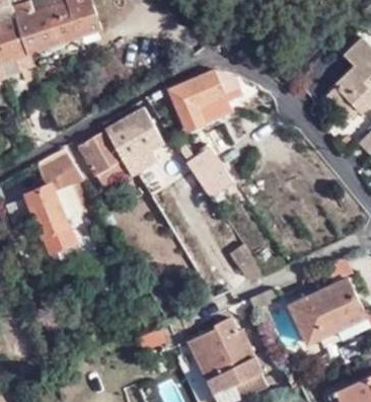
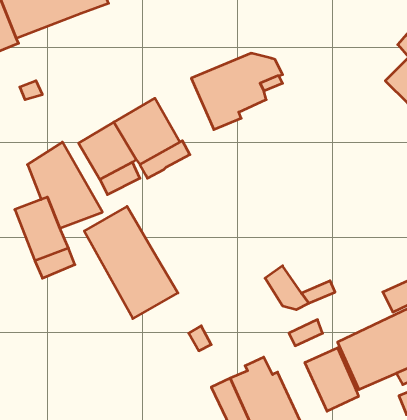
building: [191,147,237,197] -> none
building: none -> [84,206,178,319]
building: none -> [305,348,358,411]

